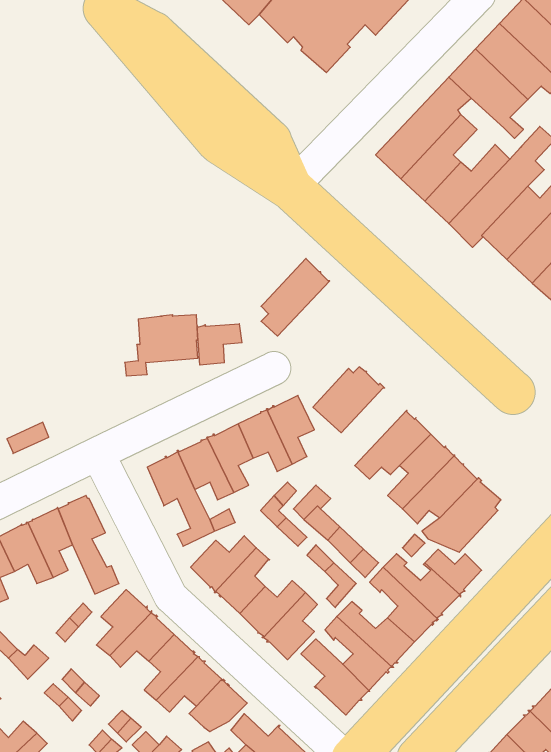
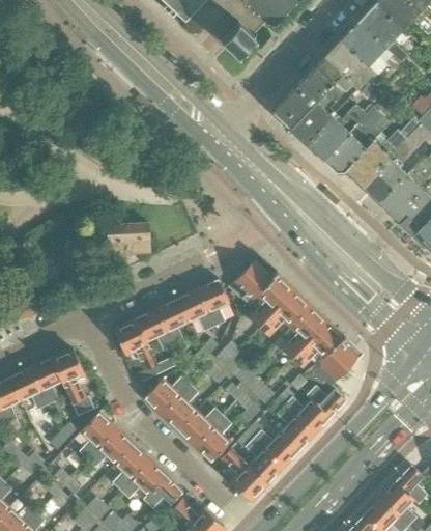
building: [261,258,330,336] -> [247,273,294,327]
building: [197,324,242,365] -> none

